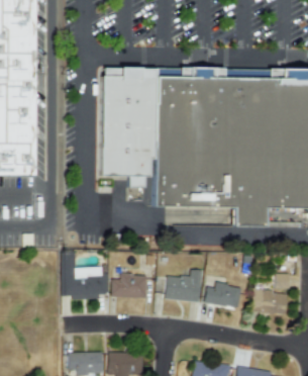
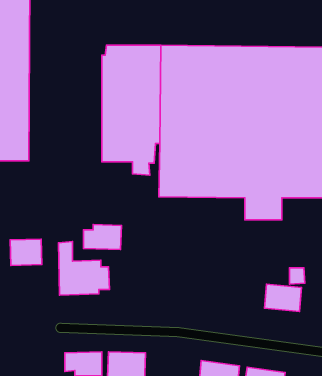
building: none -> [10,239,42,265]
building: [165,269,202,303] -> none
building: [111,274,146,297] -> [83,225,122,250]
building: [204,283,241,308] -> none

